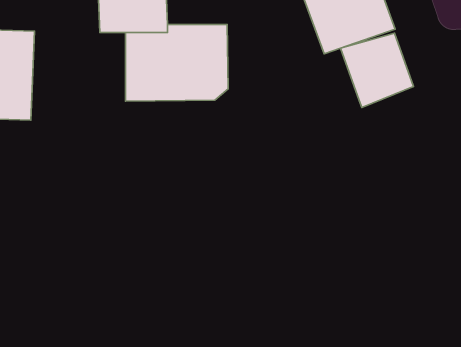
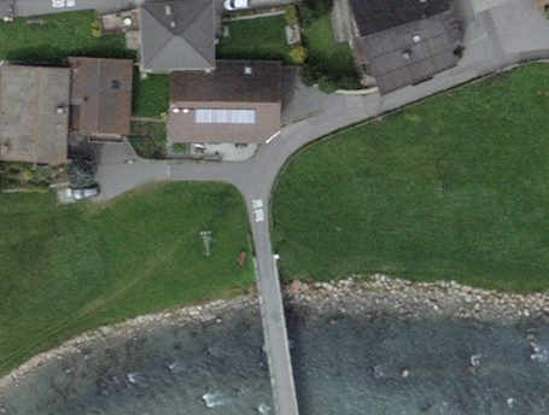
building: none -> [70,55,133,130]
building: [340,33,414,108] -> none

